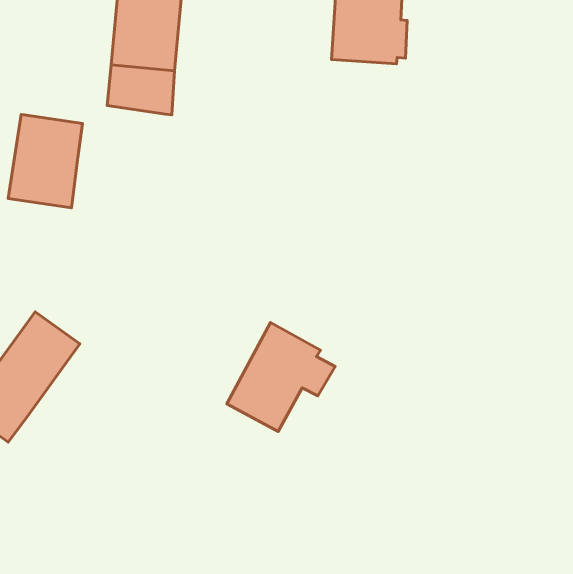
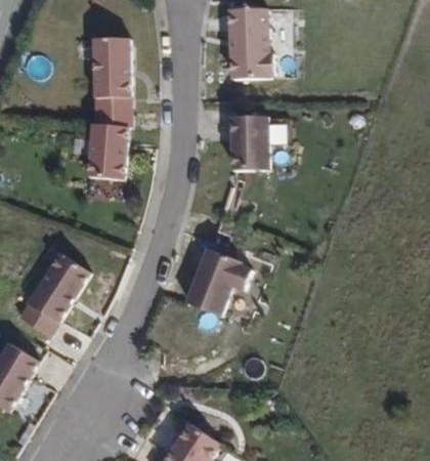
building: [8,115,83,208] -> [87,121,129,176]
building: none -> [229,114,267,167]

